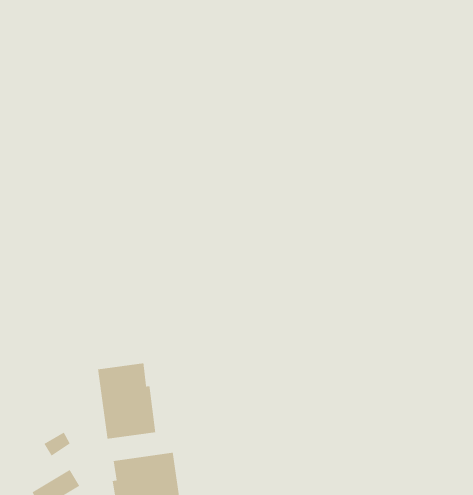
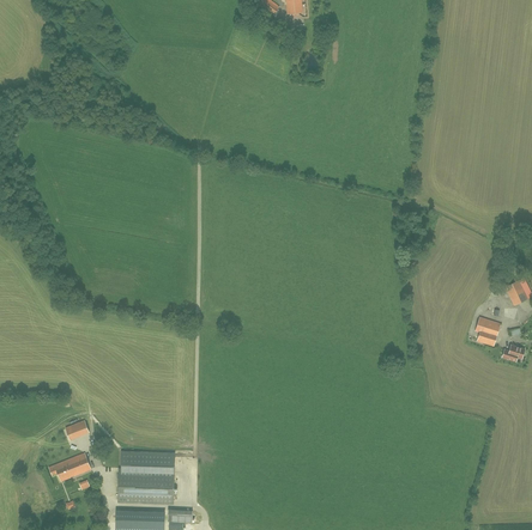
building: [97,362,156,439] -> none

